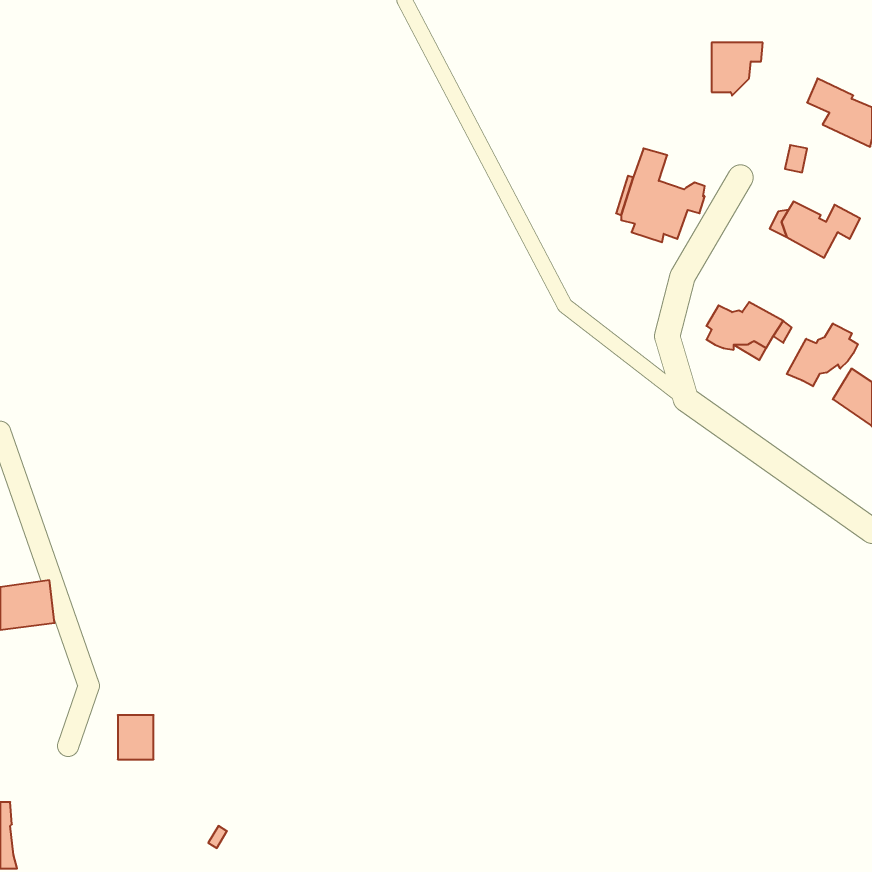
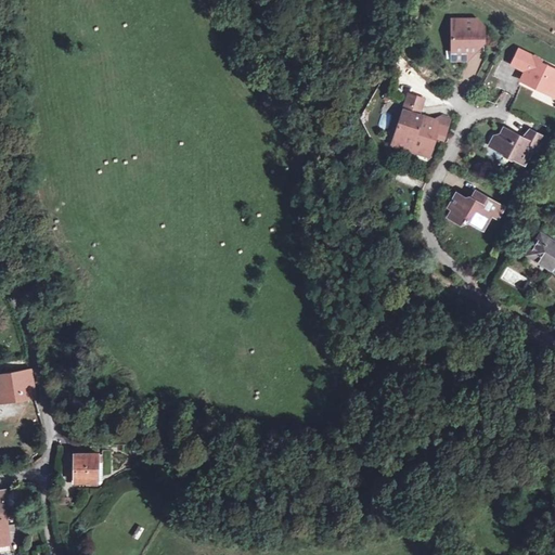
building: [787,323,858,386] -> none

